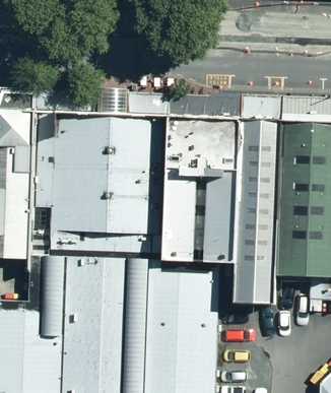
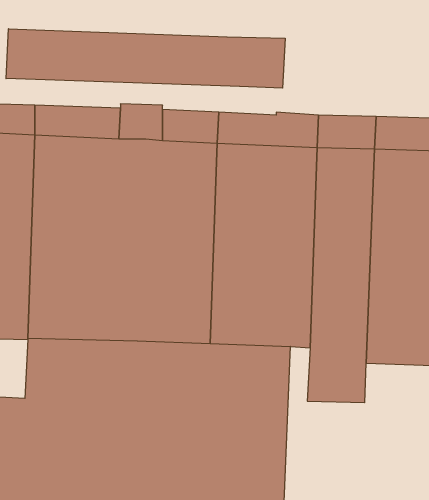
building: none -> [6,29,285,88]

